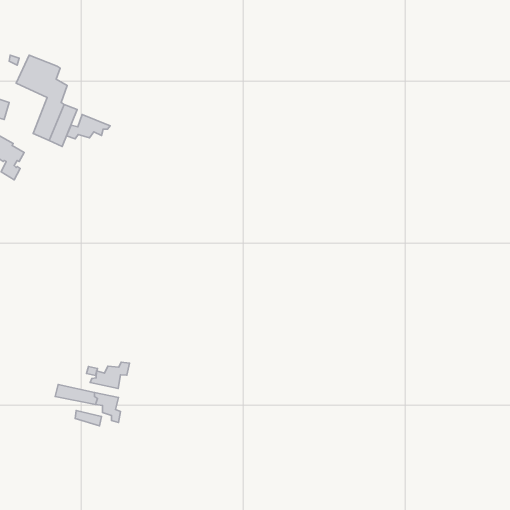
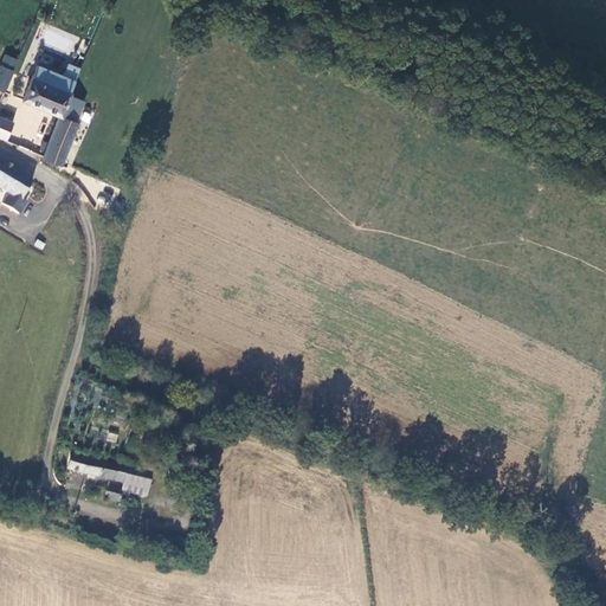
building: [67,115,110,139] -> none
building: [90,362,130,388] -> none

